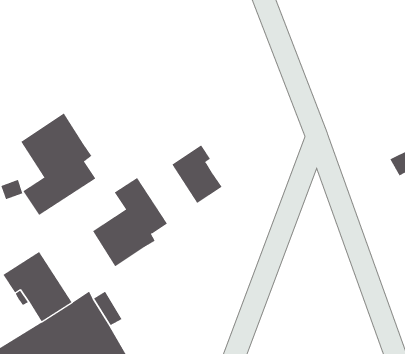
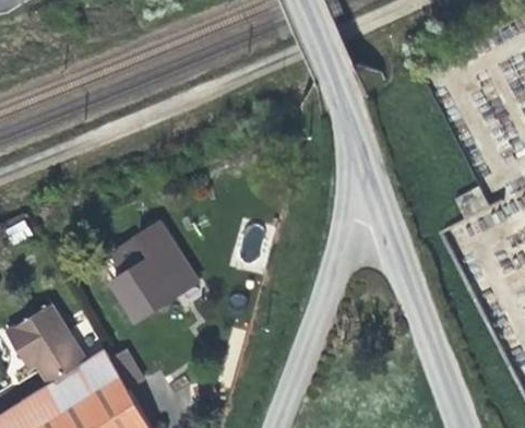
building: [21,112,96,216] -> none
building: [171,144,222,204] -> none

